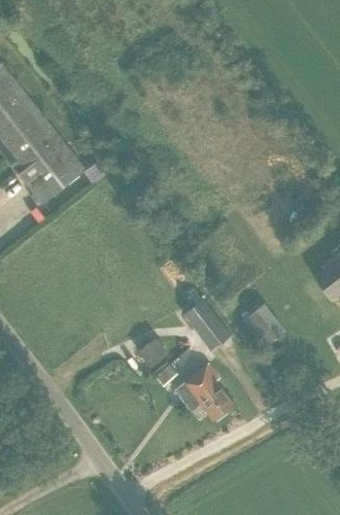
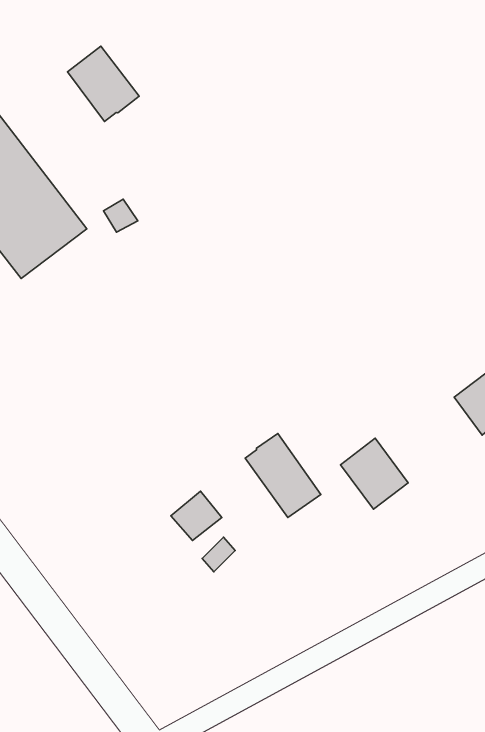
building: none -> [67,46,139,122]
building: [175,364,234,419] -> none

